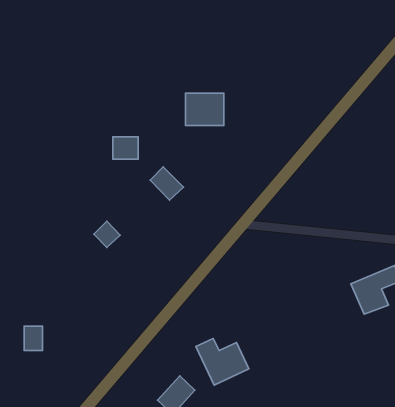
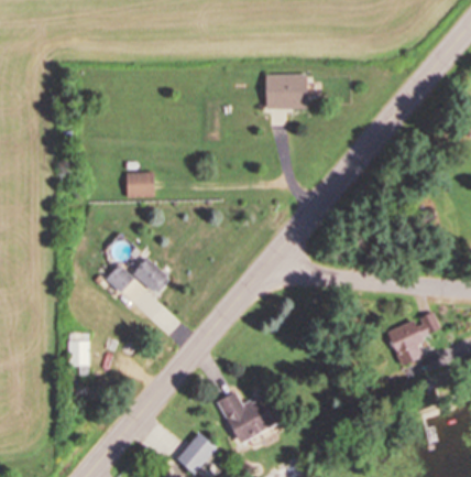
building: [185,93,224,126] -> [266,74,308,109]
building: [150,167,184,200] -> [134,258,171,294]
building: [24,326,42,350] -> [69,339,89,366]

